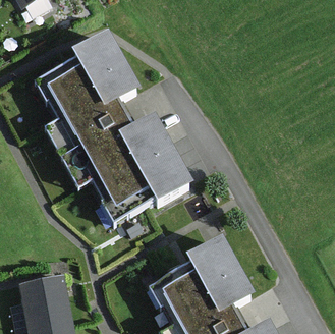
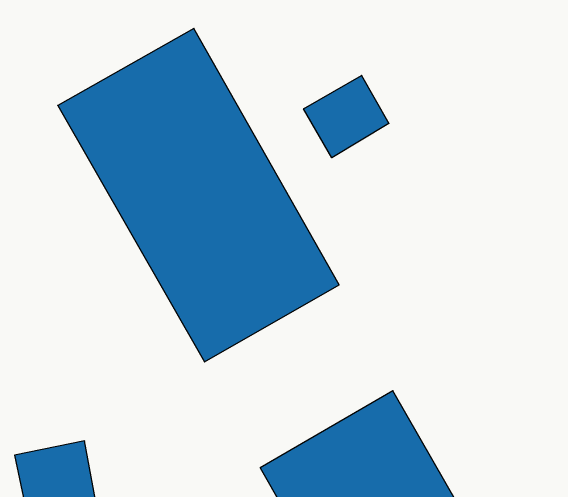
building: none -> [304,75,389,158]

